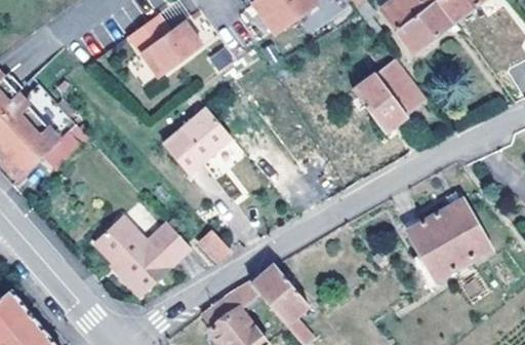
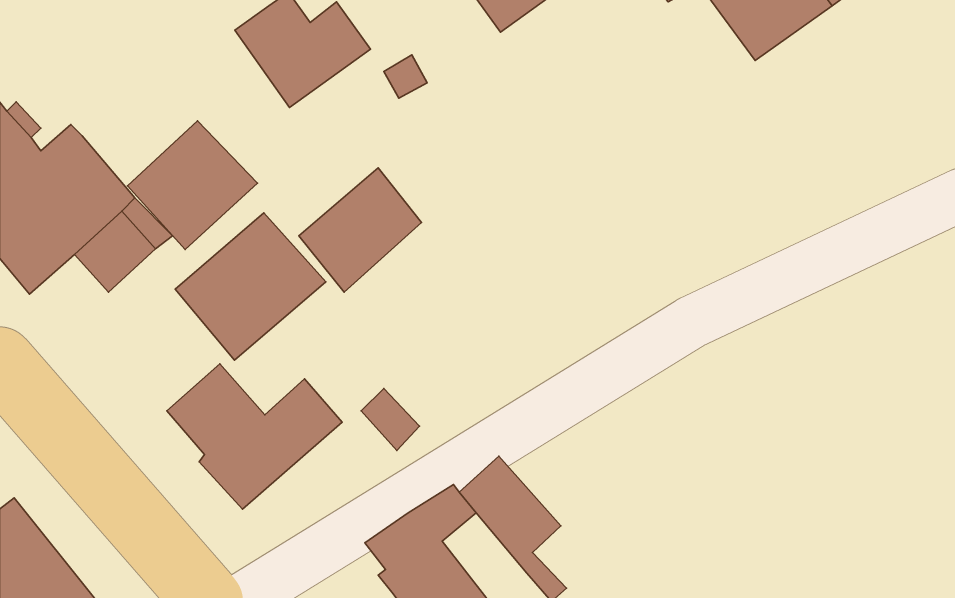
building: [353,60,428,133] -> none
building: none -> [127,121,258,250]
building: none -> [175,213,326,360]
building: [408,201,492,280] -> none

